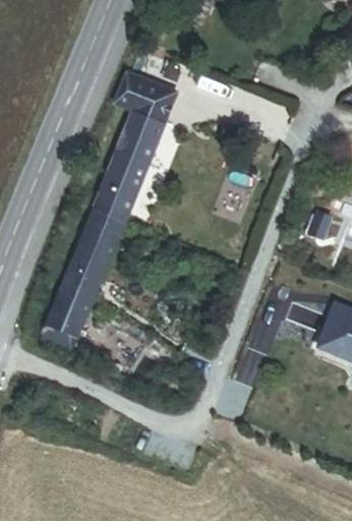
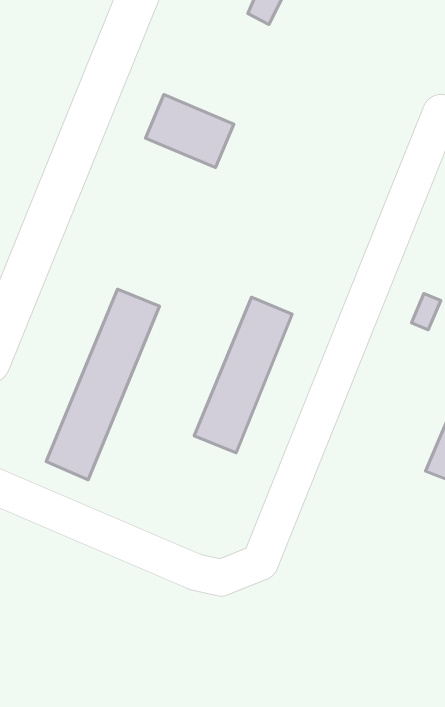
building: [94,111,165,224] -> [194,297,292,453]

